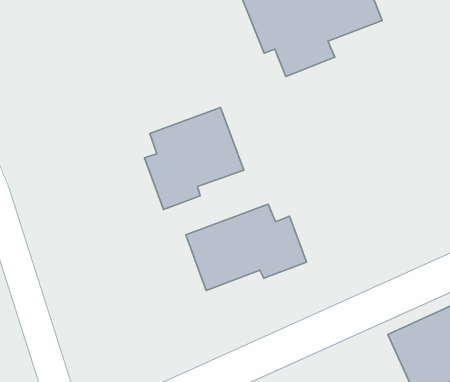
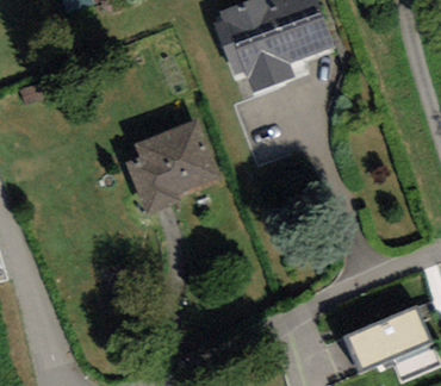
building: [186,204,307,291] -> none

